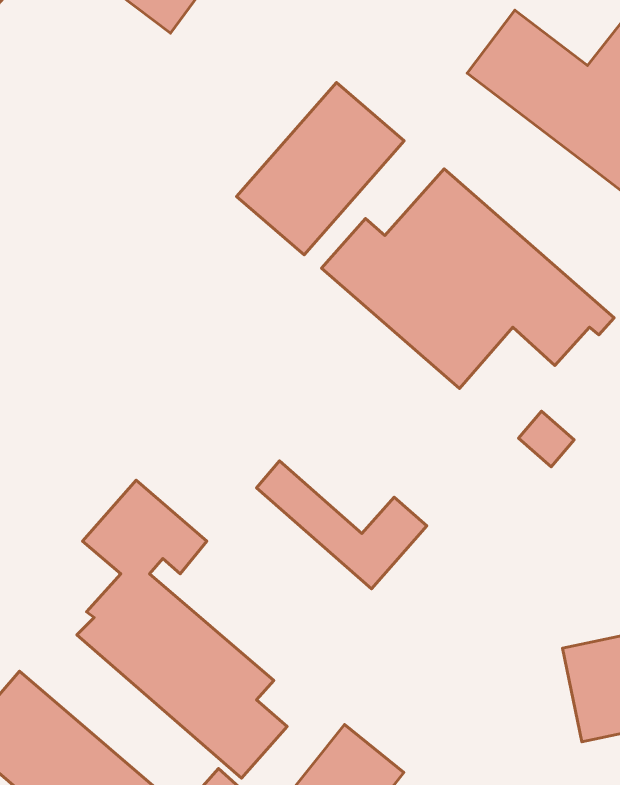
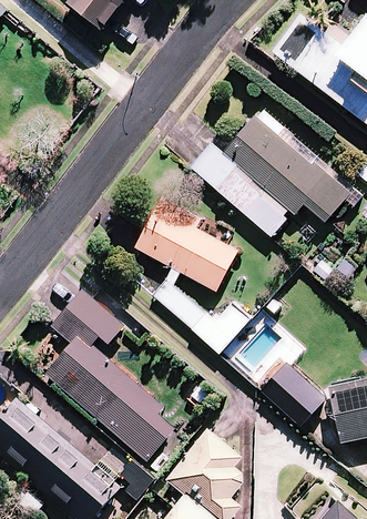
building: [236,82,404,255] -> none
building: none -> [136,203,237,291]
building: none -> [263,364,324,425]

